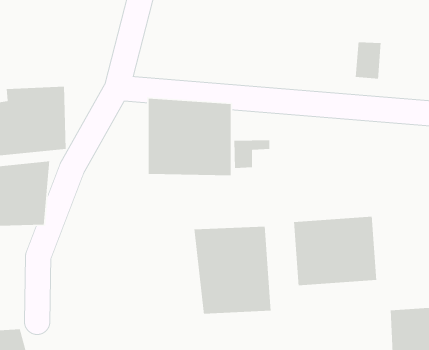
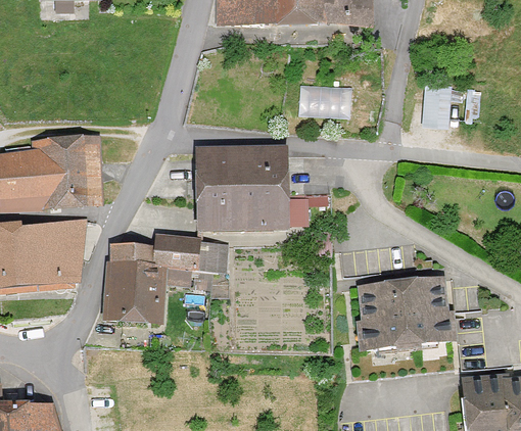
building: none -> [301,82,356,116]
building: none -> [103,236,226,325]
building: [194,226,272,314] -> none

